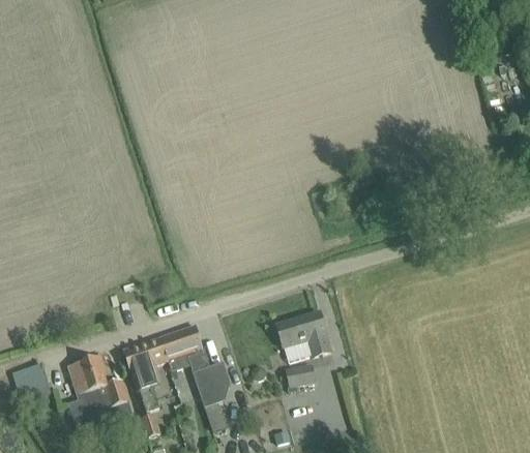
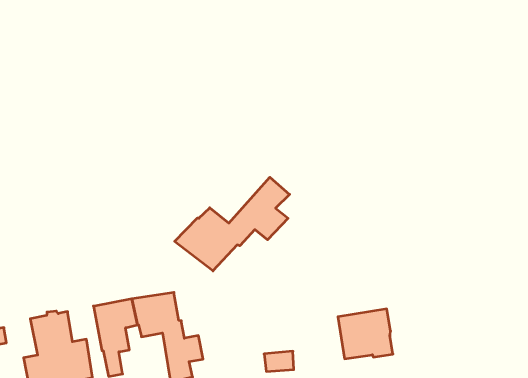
building: none -> [175,177,290,271]
building: [276,310,331,361] -> [338,309,393,359]

